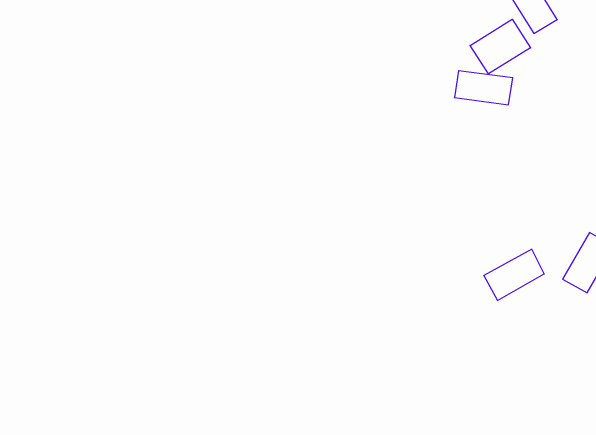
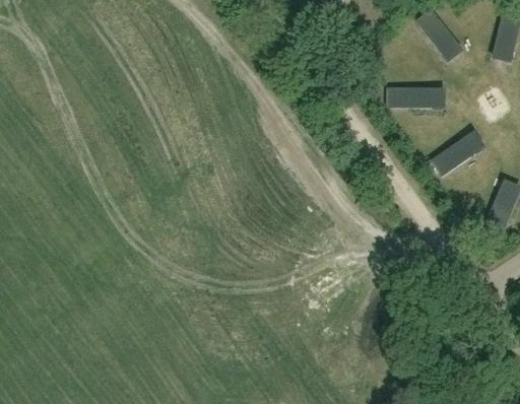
building: [470,19,531,74] -> none
building: [484,249,544,300] -> [432,136,476,177]

